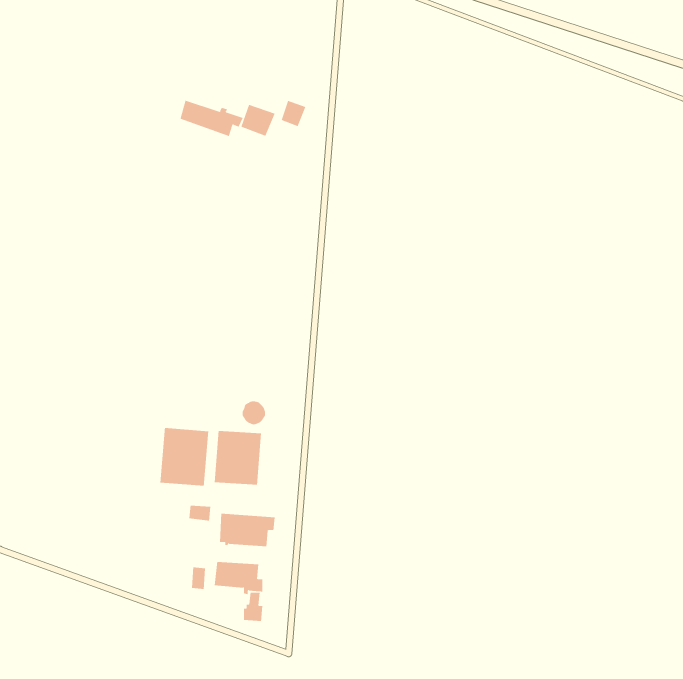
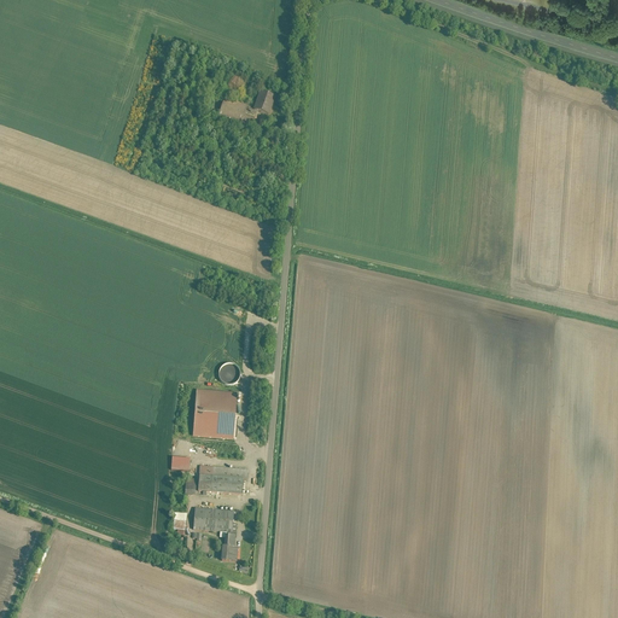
building: [180,100,244,137] -> none
building: [160,427,209,487] -> none

